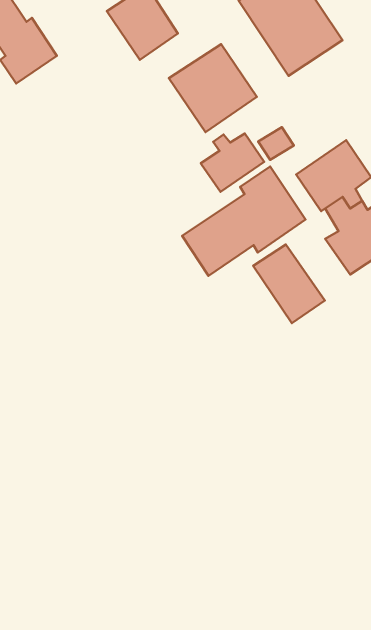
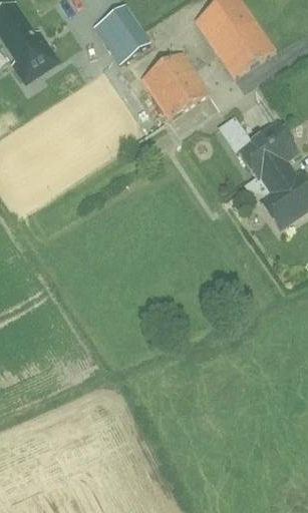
building: [201,134,264,192] -> none
building: [182,166,306,276] -> none
building: [253,245,325,323] -> none

